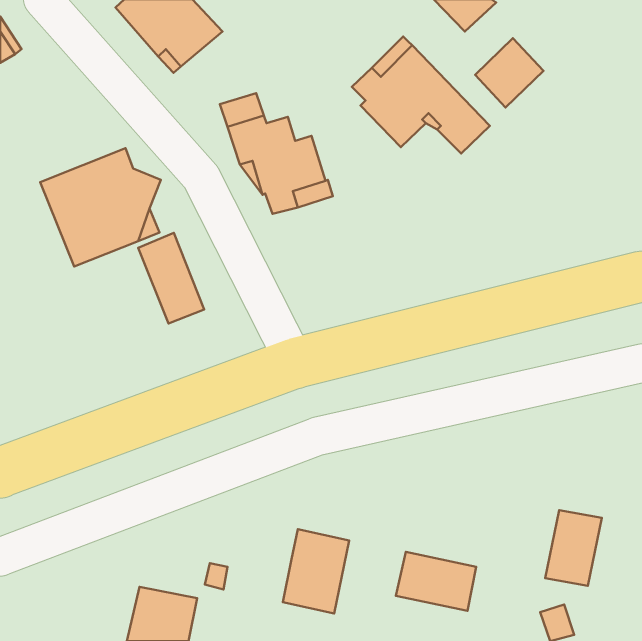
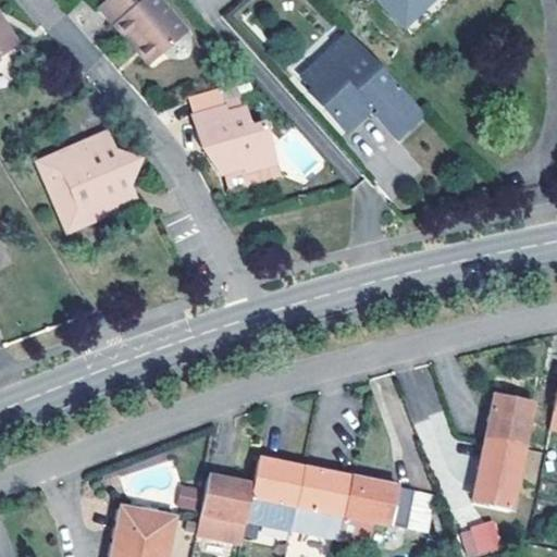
building: [475,38,543,108] -> none
building: [138,233,204,323] -> none
building: none -> [484,395,530,448]
building: none -> [289,468,351,541]
building: none -> [194,475,252,545]

